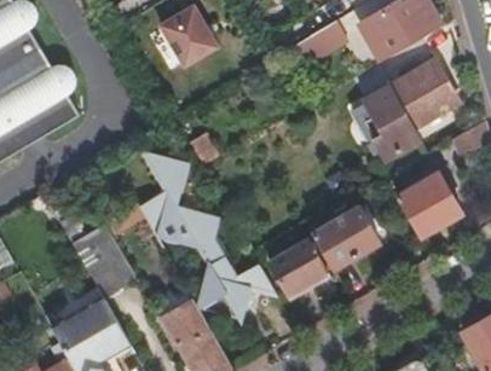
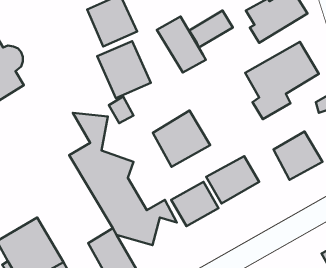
building: none -> [157,16,206,72]
building: none -> [97,41,151,98]
building: none -> [153,110,210,167]
building: [71,222,134,297] -> none

